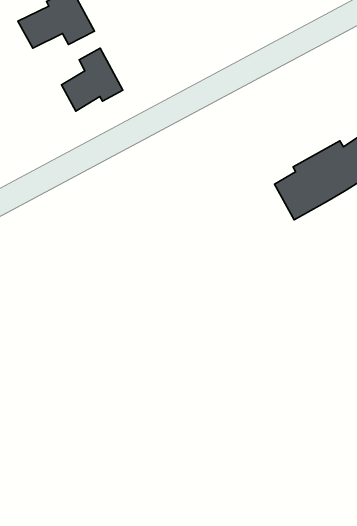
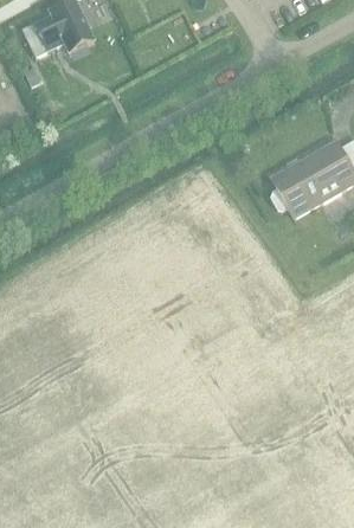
building: [62,48,123,111] -> none

